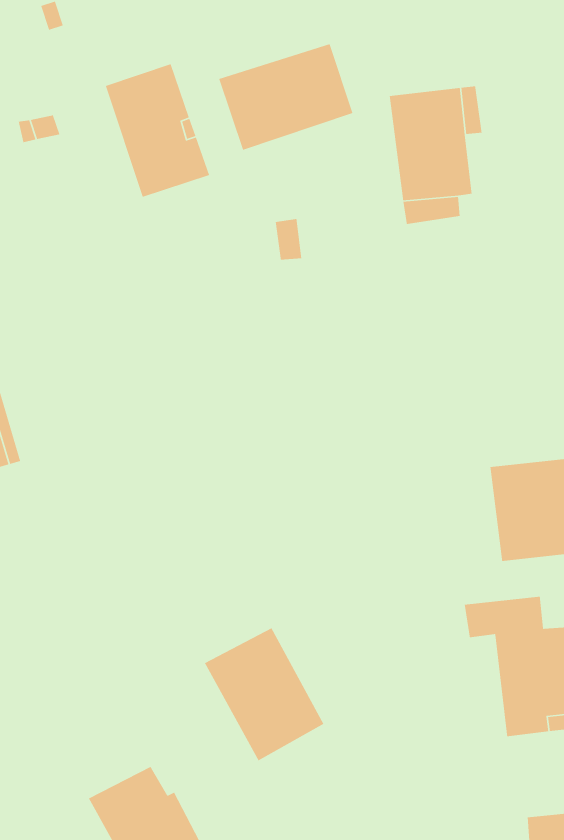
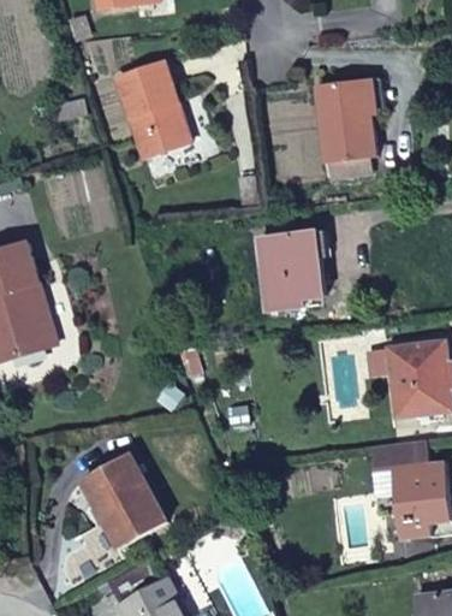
building: [218,43,354,151] -> none
building: none -> [257,231,317,308]
building: [204,627,325,762] -> [79,454,165,549]

